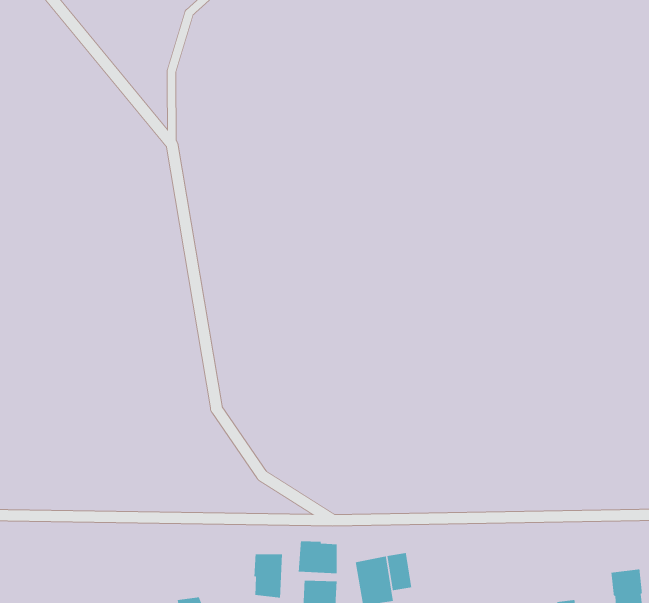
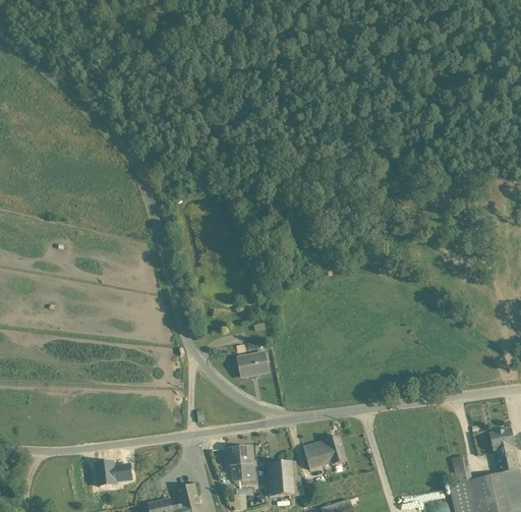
building: none -> [238,352,268,377]
building: [298,540,338,574] -> none
building: none -> [96,461,131,486]

